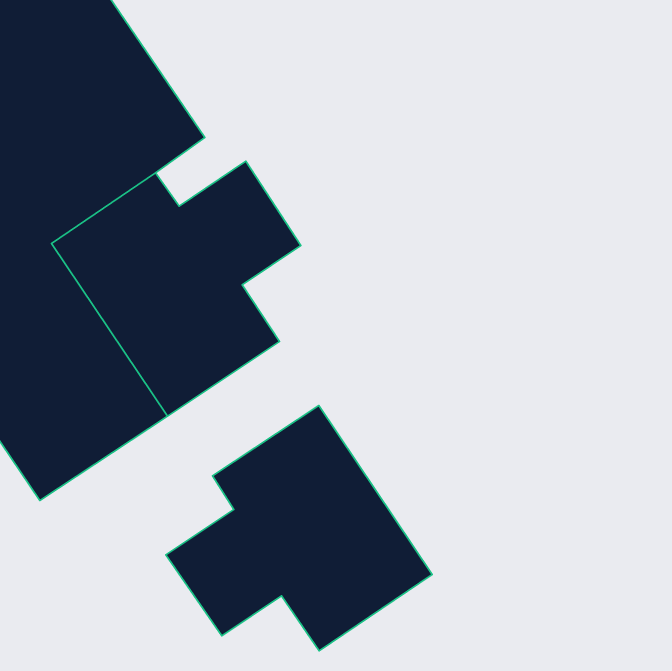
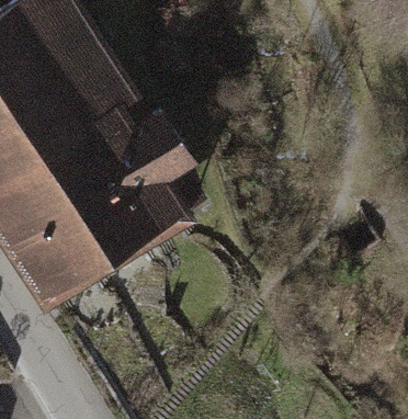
building: [166,405,432,651] -> none

